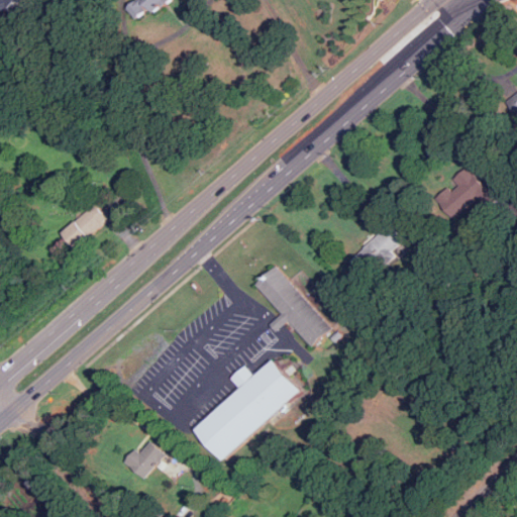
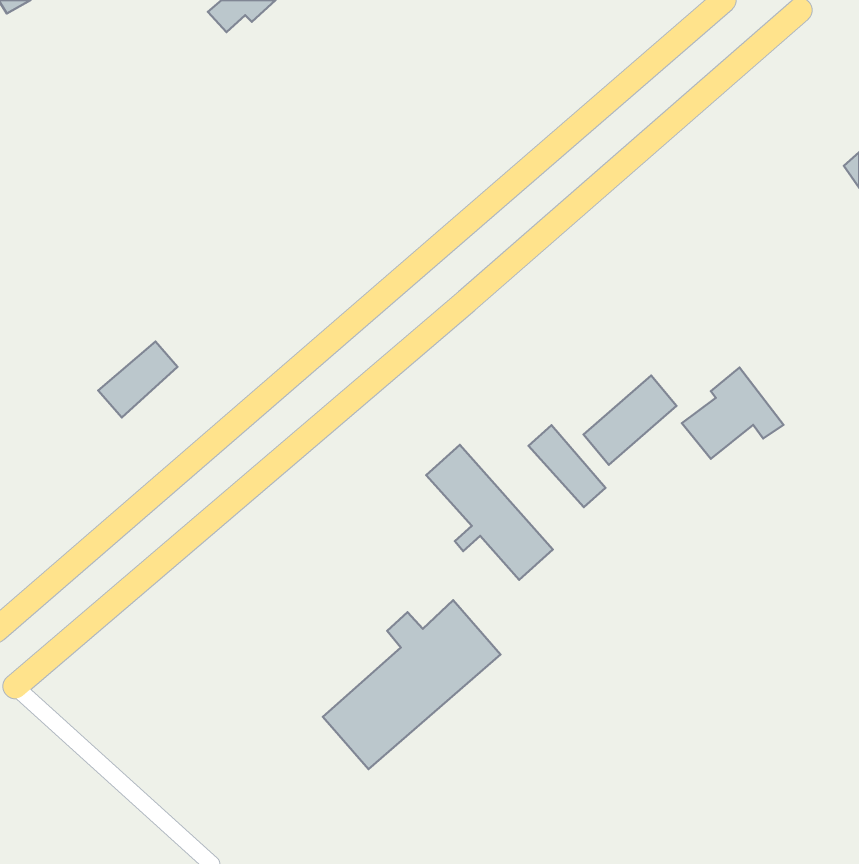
building: [434,165,495,219] -> [682,367,783,459]
building: none -> [528,425,606,507]
building: [123,440,165,478] -> none

